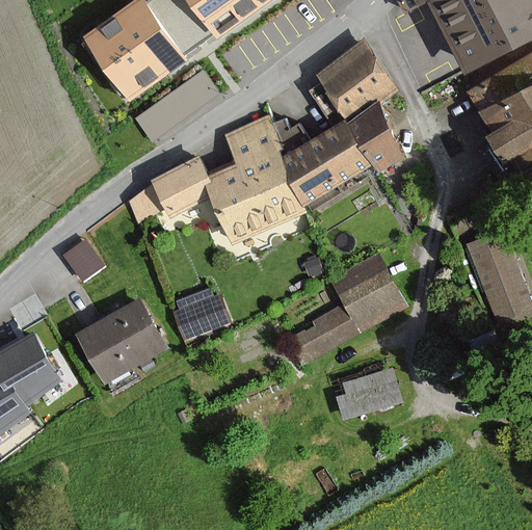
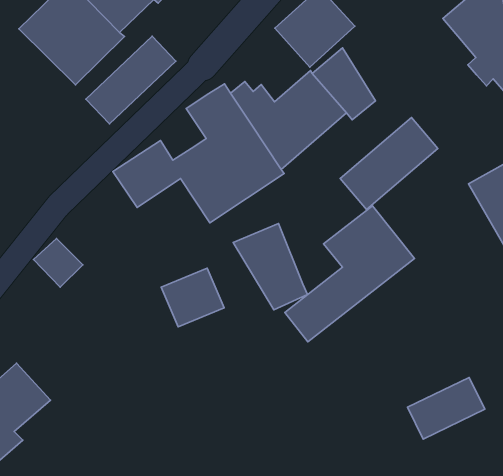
building: none -> [340,117,438,209]
building: none -> [233,224,308,310]
building: [75,301,162,381] -> none
building: [334,367,403,416] -> [408,377,485,439]

